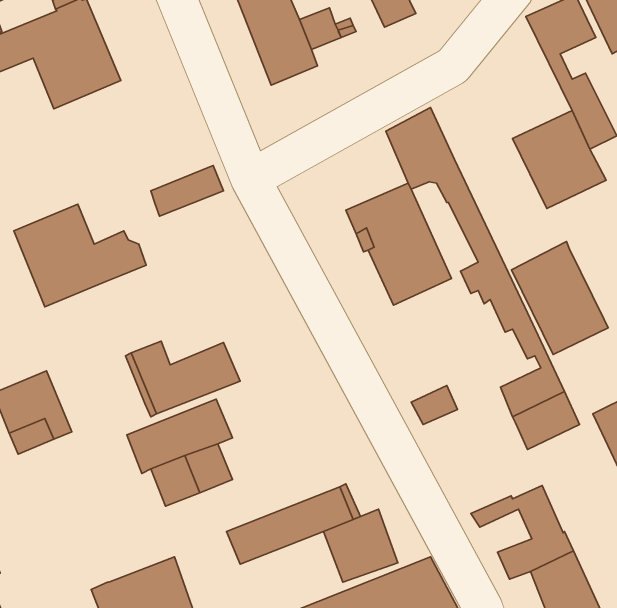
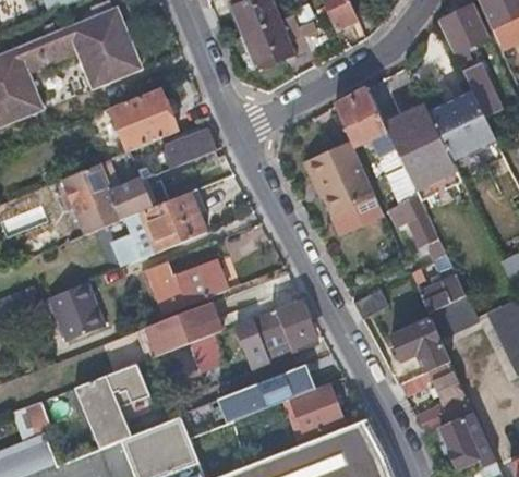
building: none -> [109,86,178,151]
building: [511,242,608,355] -> [385,105,456,187]
building: none -> [125,191,205,260]
building: none -> [234,298,316,366]
building: none -> [390,318,449,371]
building: none -> [74,363,149,448]

